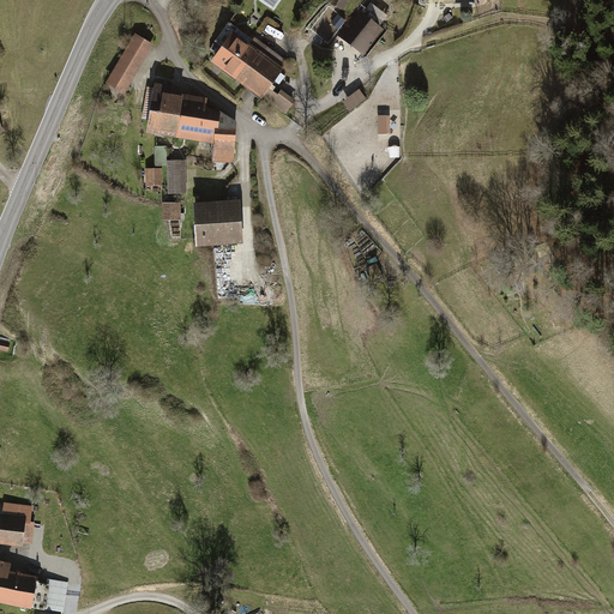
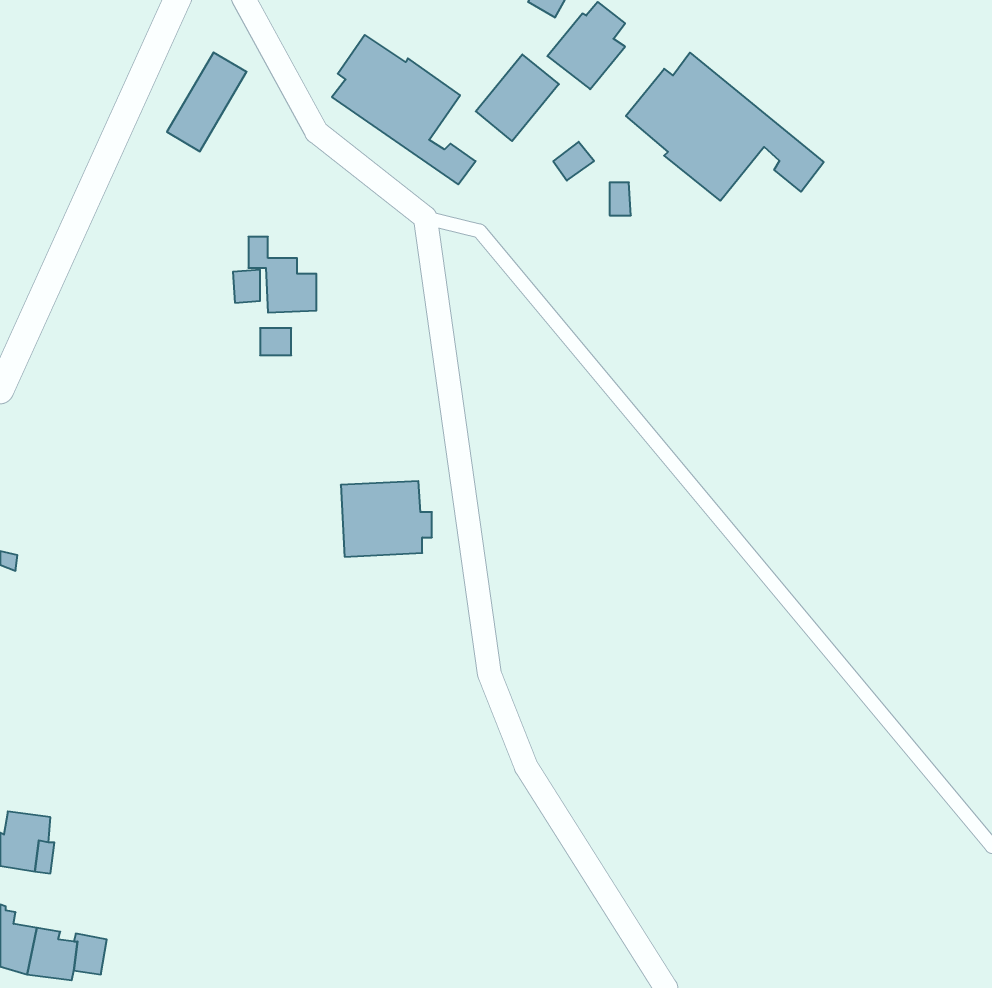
building: none -> [626,53,824,201]
building: none -> [476,54,559,141]
building: [143,82,234,163] -> none
building: [188,199,245,246] -> [341,481,432,557]

